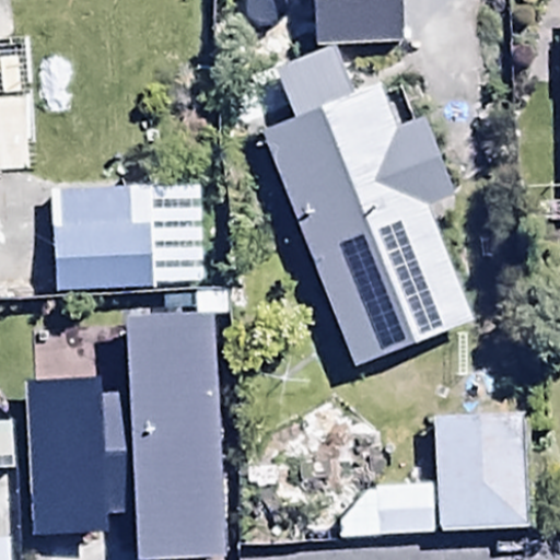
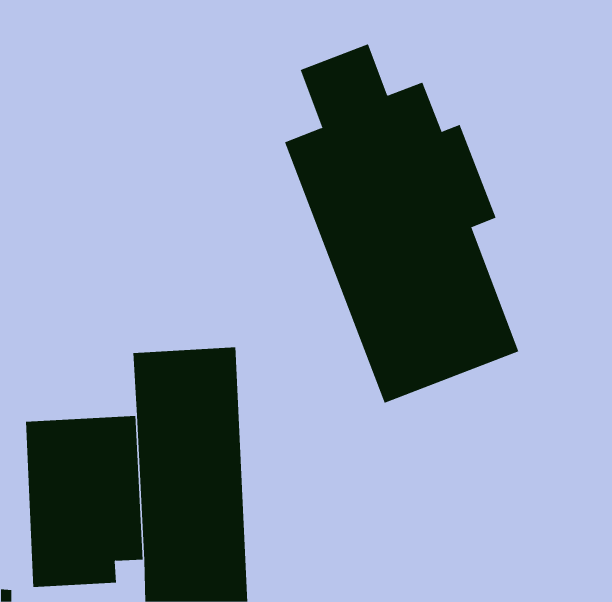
building: [51,180,218,290] -> none
building: [339,409,529,536] -> none

